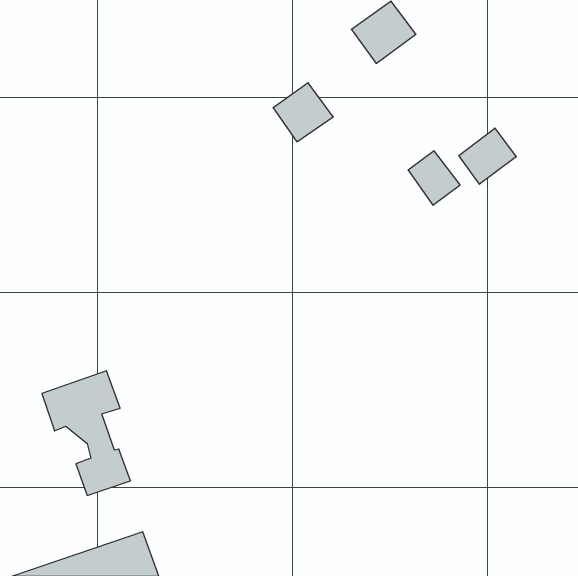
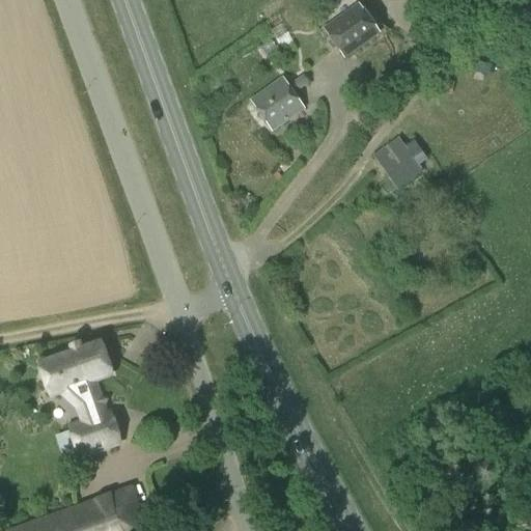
building: [459,128,516,184] -> none

